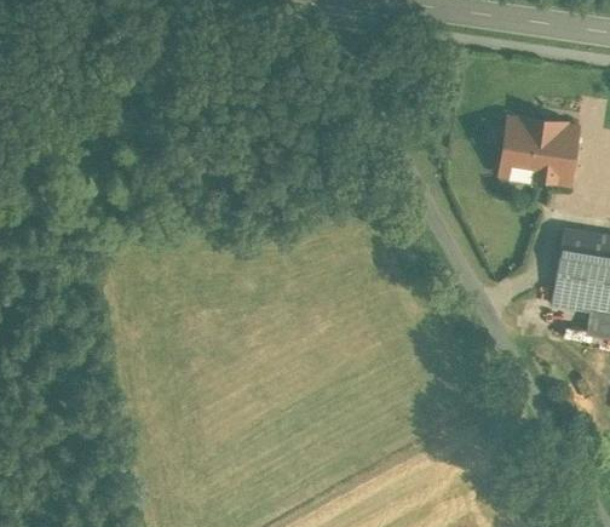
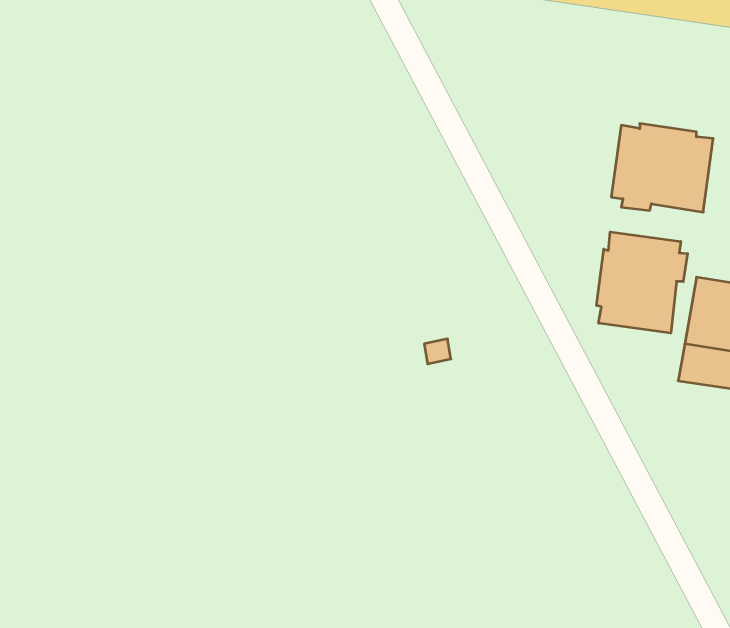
building: none -> [597,232,688,333]

